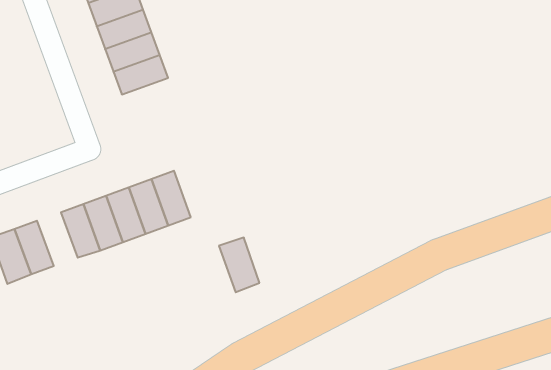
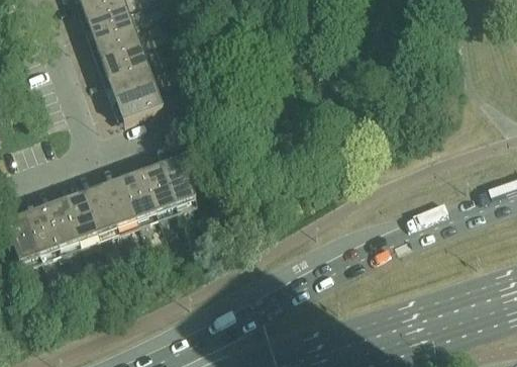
building: none -> [116,85,163,119]
building: none -> [44,199,79,245]
building: [219,238,259,292] -> [161,157,195,203]

